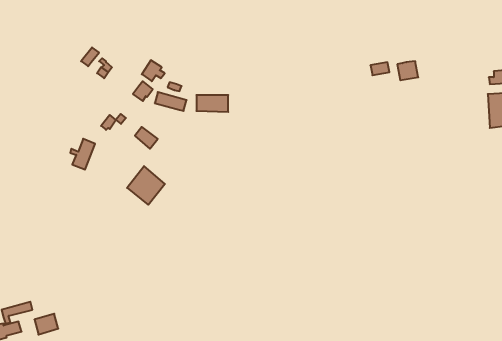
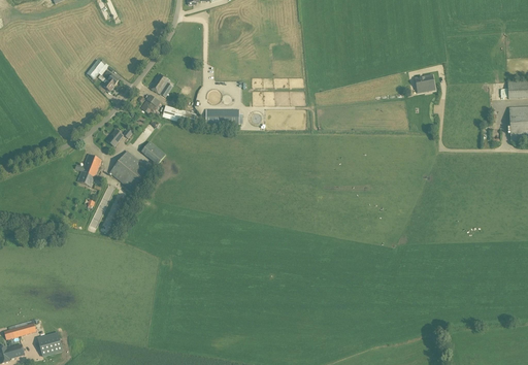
building: [127,166,165,205] -> [108,150,147,190]

